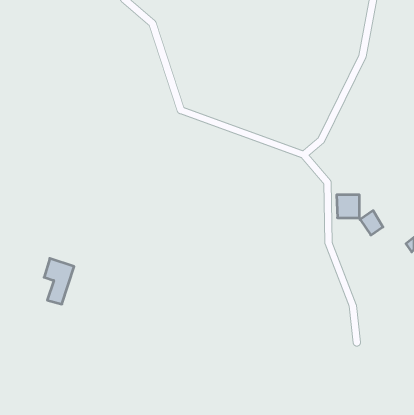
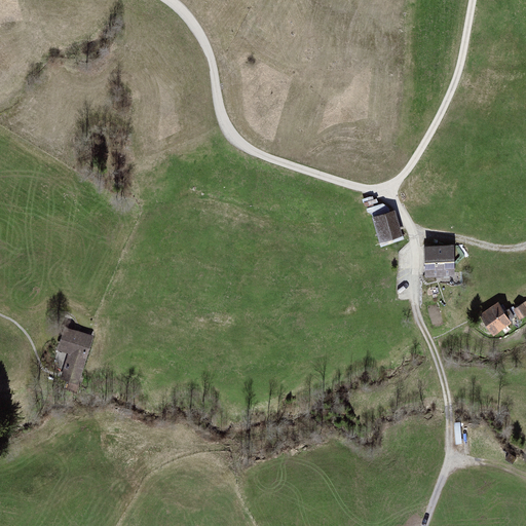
building: none -> [371,210,401,242]
building: [360,211,383,235] -> [481,302,510,333]

